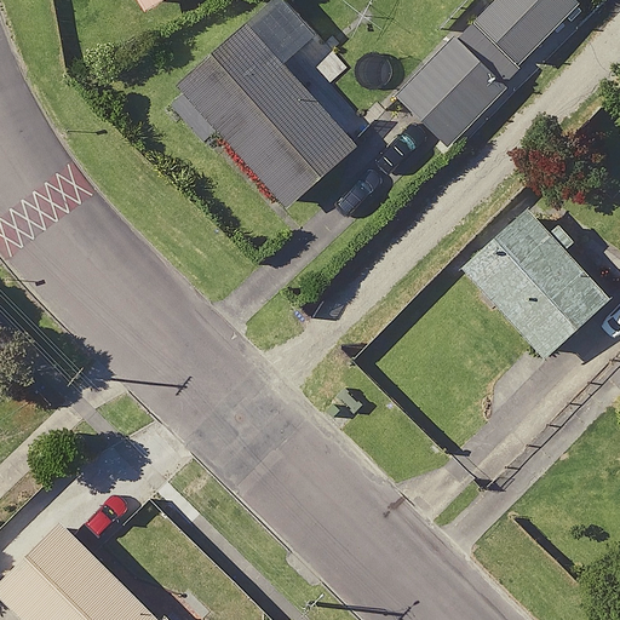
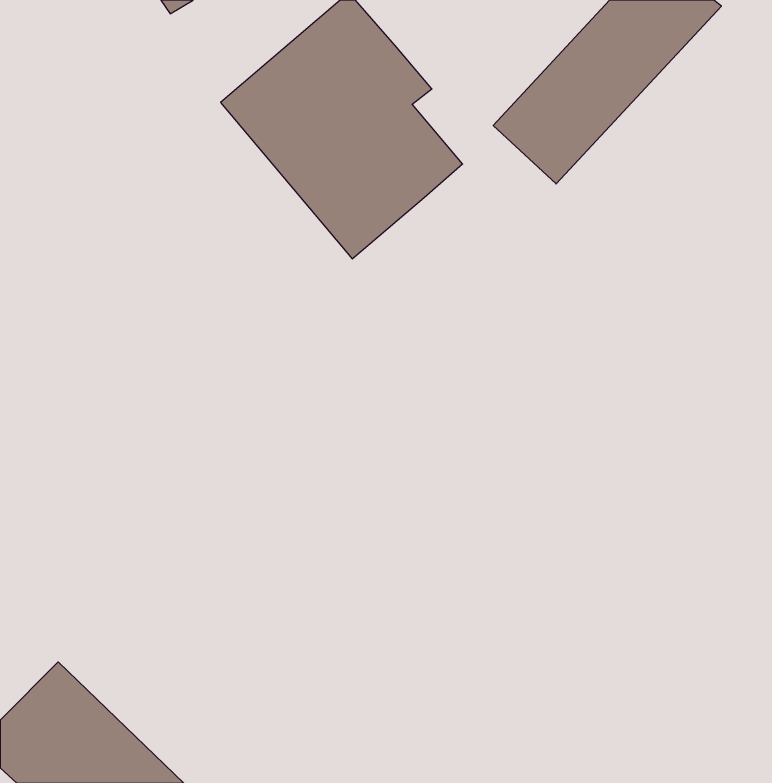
building: [459,191,607,357] -> none

